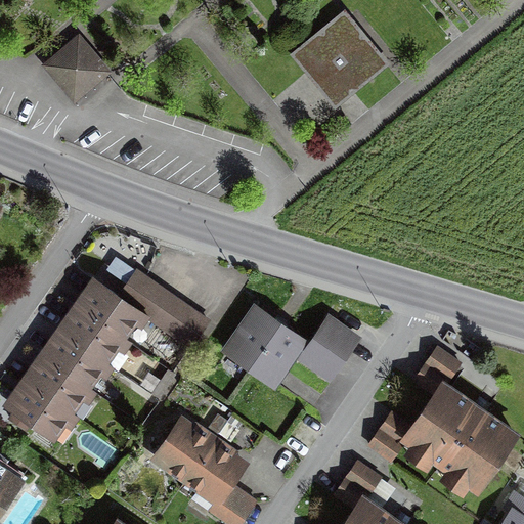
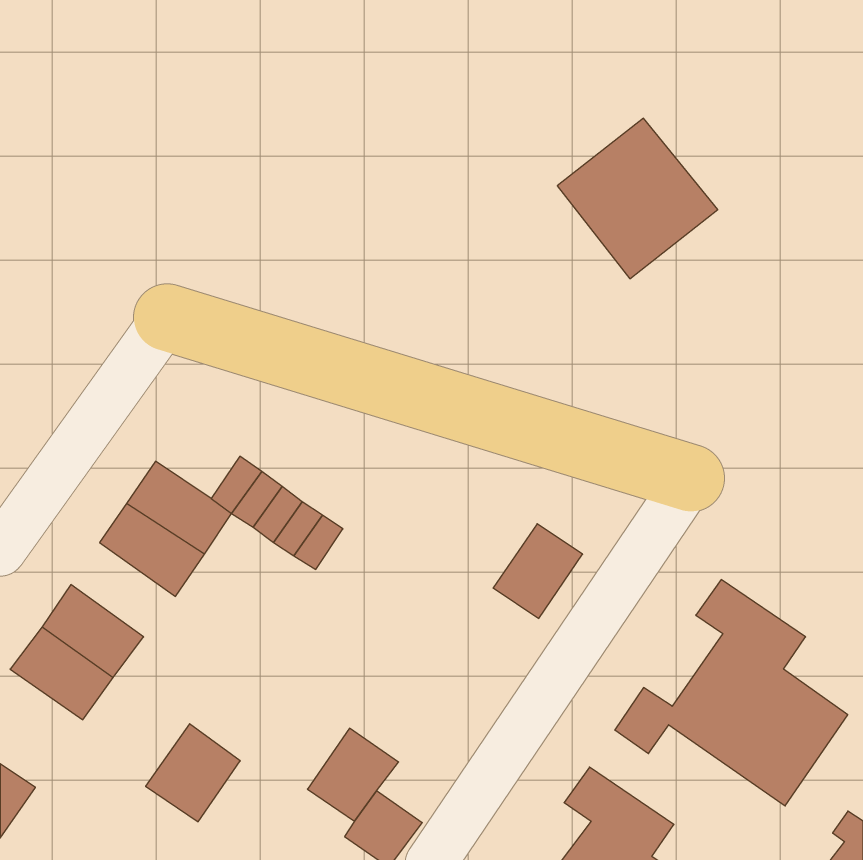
building: [291,9,388,106] -> [557,118,718,279]
building: [48,40,104,97] -> none
building: [226,307,299,379] -> none
building: [43,331,106,388] -> none
building: [155,421,212,480] -> [146,724,240,822]

